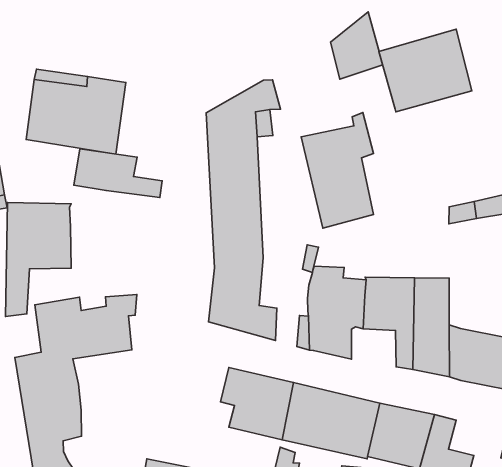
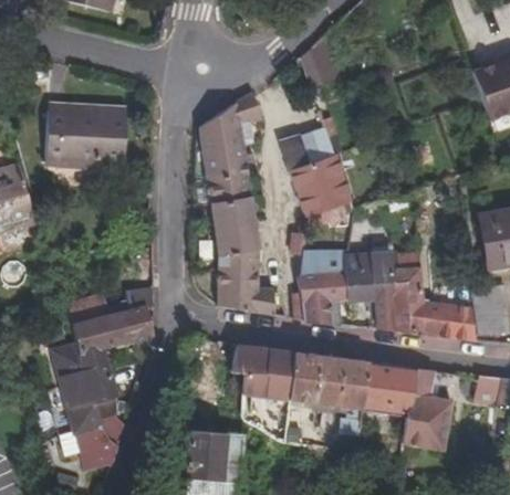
building: [379,29,472,112] -> none
building: [74,149,162,198] -> none
building: [5,202,71,317] -> none

